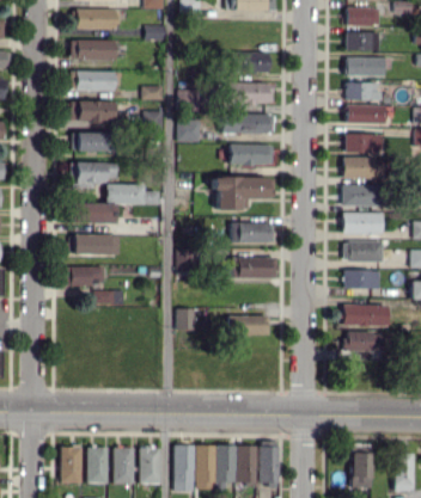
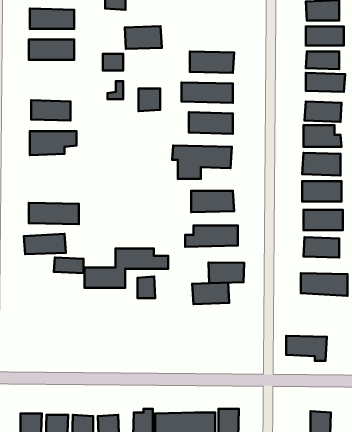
building: [234,51,271,74] -> [125,26,162,49]
building: [69,100,114,122] -> none
building: [75,184,159,223] -> [84,249,168,288]
building: none -> [209,263,244,283]
building: [346,332,386,357] -> [286,336,327,361]

